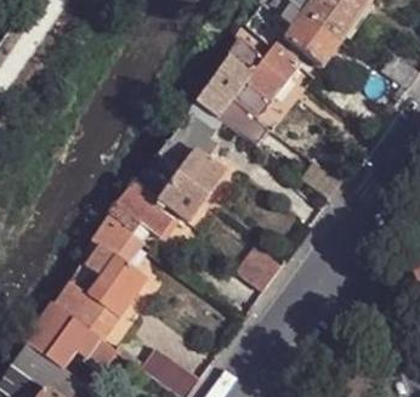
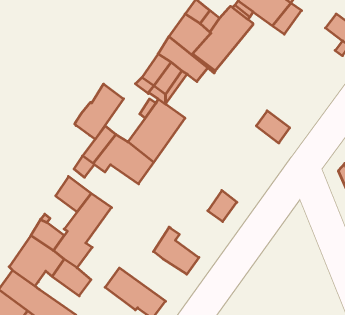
building: none -> [75,84,124,139]
building: none -> [153,227,199,274]

